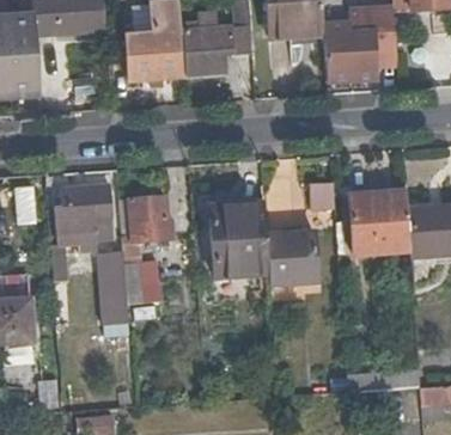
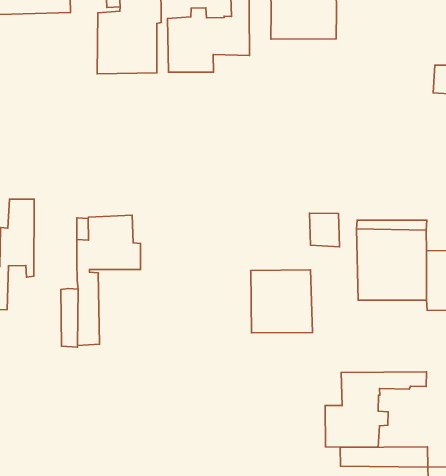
building: [322,11,396,82] -> none
building: [83,183,111,249] -> none
building: [208,203,269,294] -> none
building: none -> [325,372,426,447]

